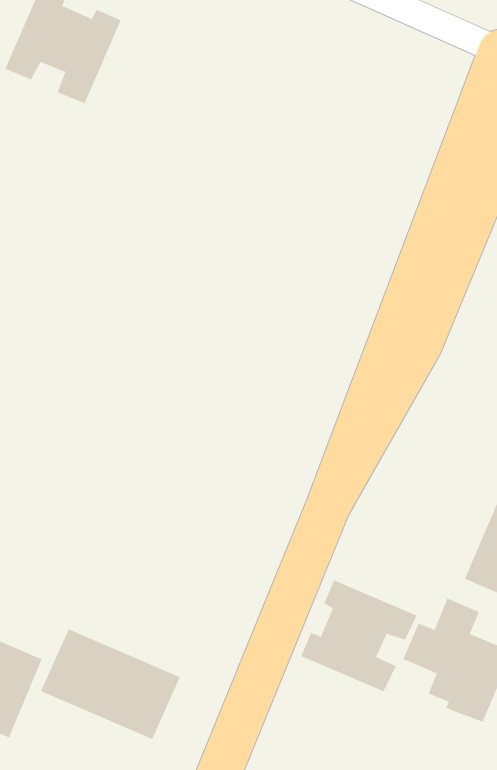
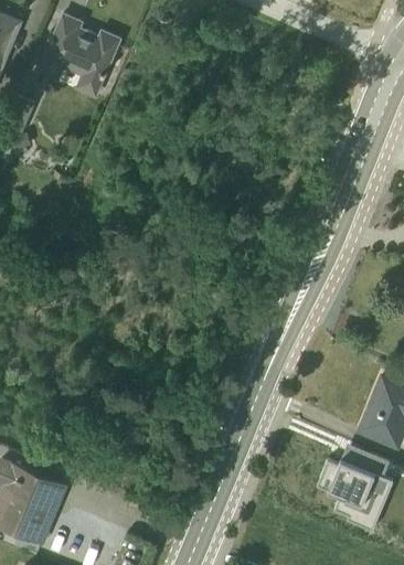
building: [301,580,417,692] -> none
building: [40,629,181,740] -> none

